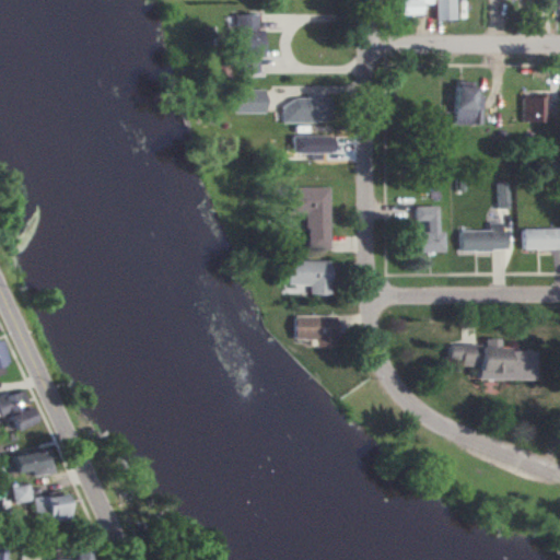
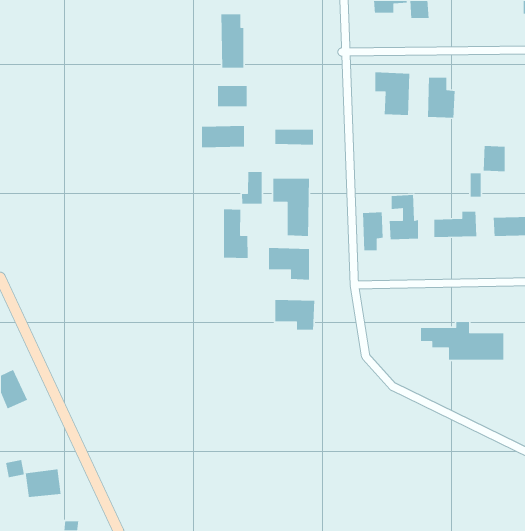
building: none -> [375,71,410,116]
building: [526,94,550,122] -> [483,145,506,172]
building: [285,98,331,122] -> [201,125,245,148]
building: none -> [241,171,263,205]
building: none -> [223,209,249,259]
building: none -> [362,211,384,251]
building: [11,448,52,477] -> none

